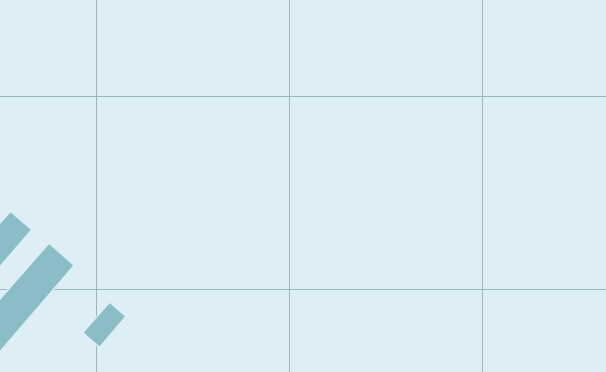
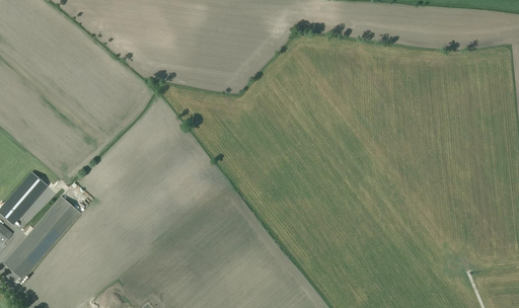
building: [83,302,126,347] -> none

